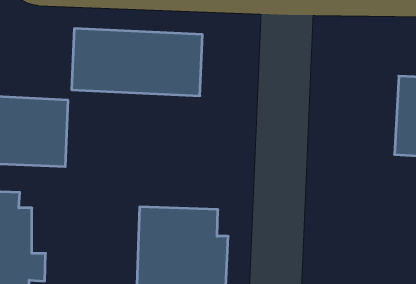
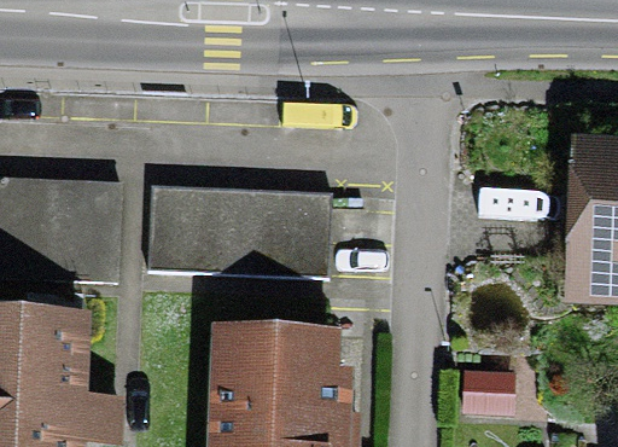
building: [72,29,202,96] -> [148,184,332,278]

